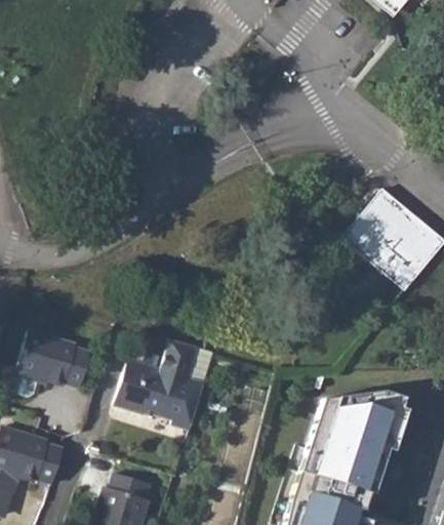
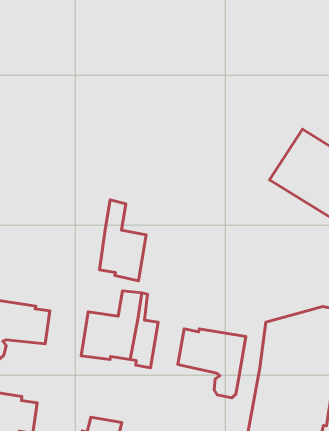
building: none -> [99,200,146,281]
building: none -> [178,329,246,398]

